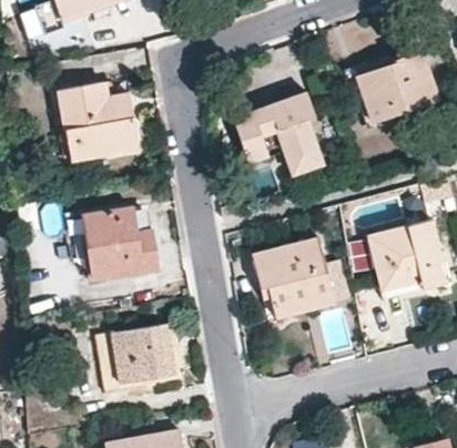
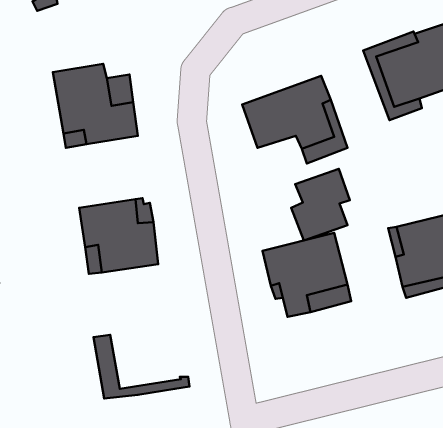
building: none -> [291,169,350,241]
building: [111,323,176,383] -> none

